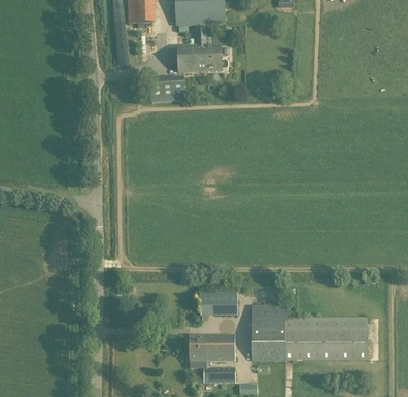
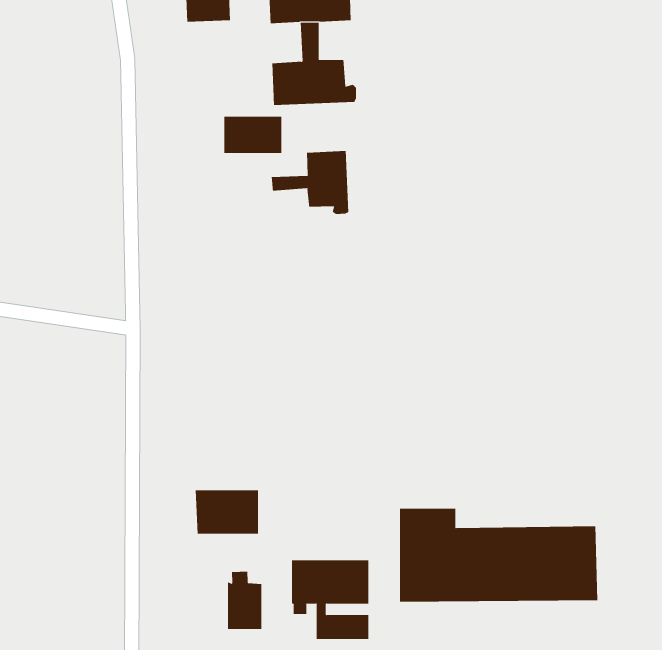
building: none -> [271,150,349,215]
building: [199,289,236,315] -> [195,490,259,534]
building: none -> [228,571,262,630]

